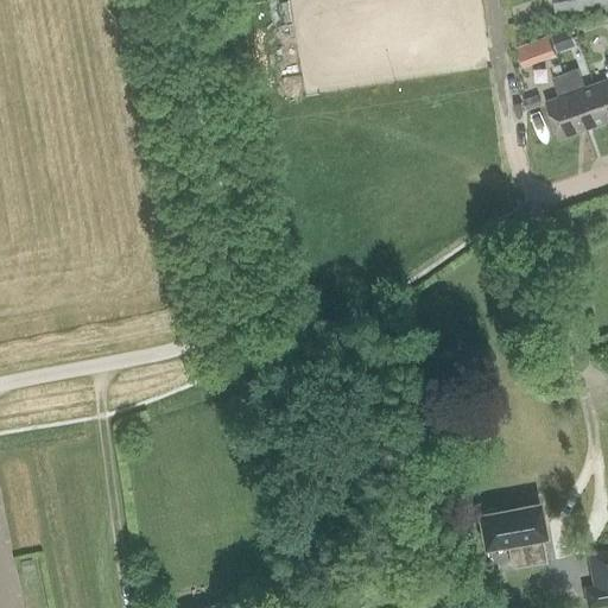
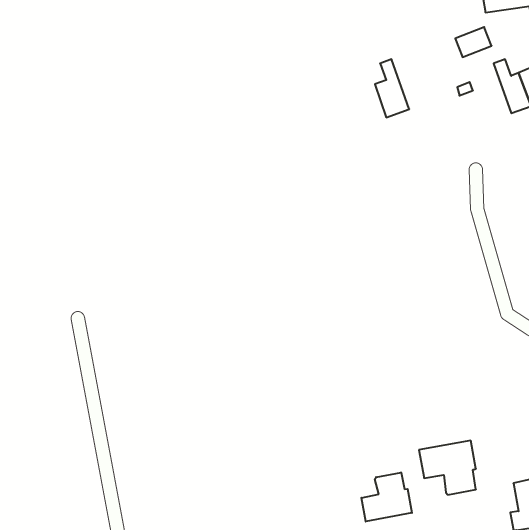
building: [547,72,587,139] -> [375,59,409,117]
building: none -> [361,472,412,522]

